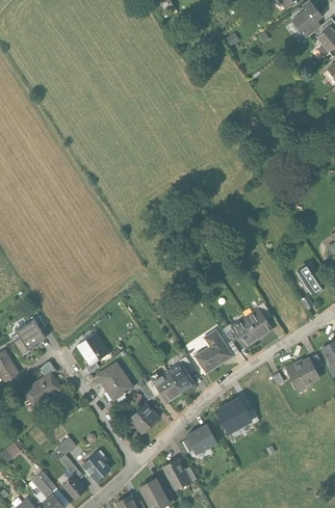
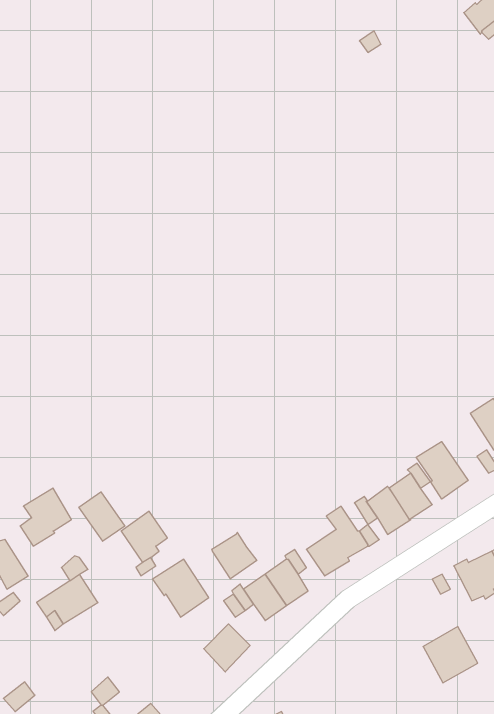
building: none -> [416,442,468,499]
building: none -> [79,492,125,541]
building: none -> [212,532,257,579]
building: [216,397,251,432] -> [423,627,478,683]
building: [186,424,216,453] -> none

